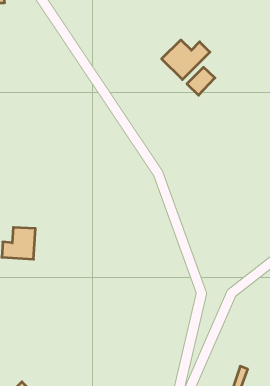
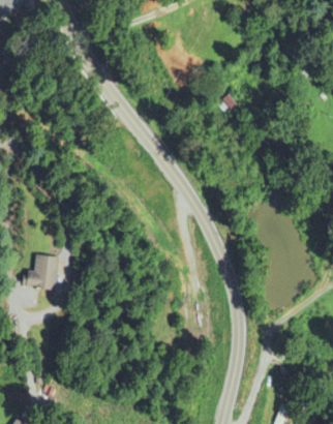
building: [162,40,210,80] -> none

